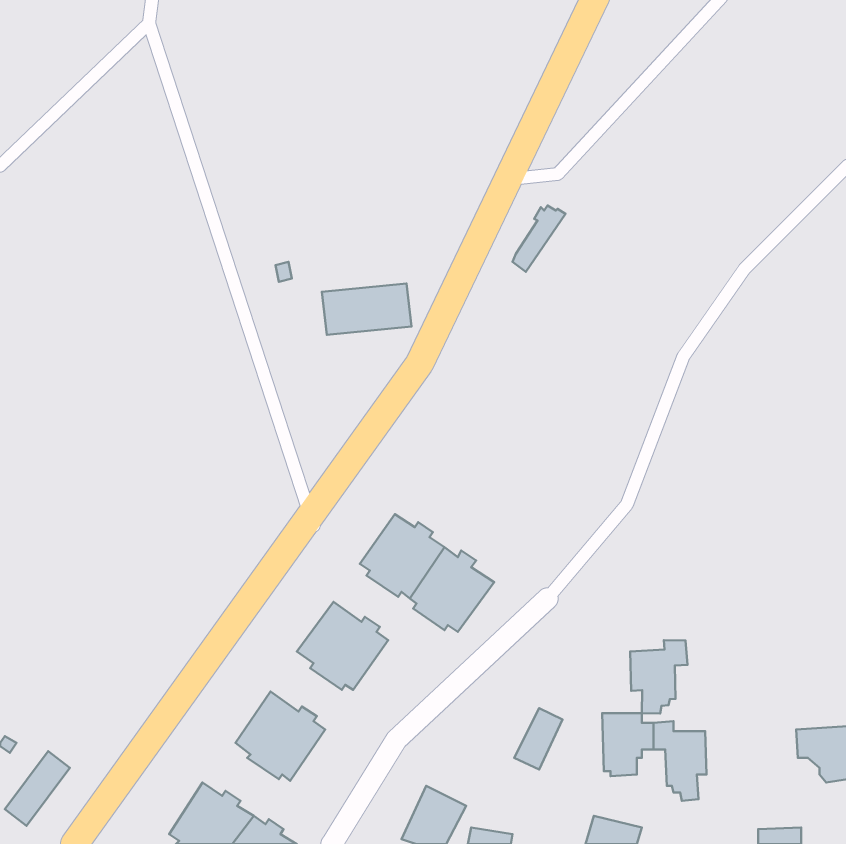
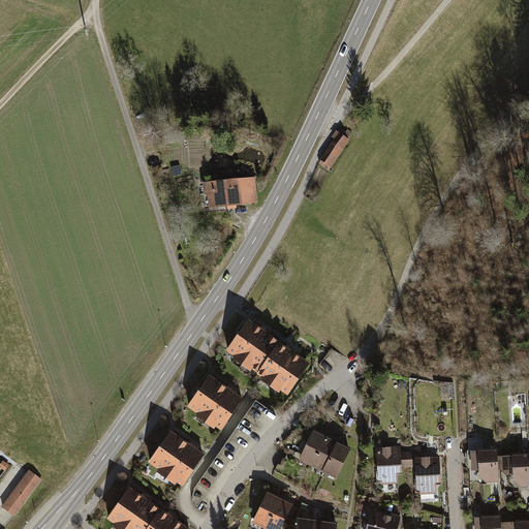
building: [630,640,687,713] -> none
building: none -> [298,424,337,472]
building: none -> [470,448,499,483]

